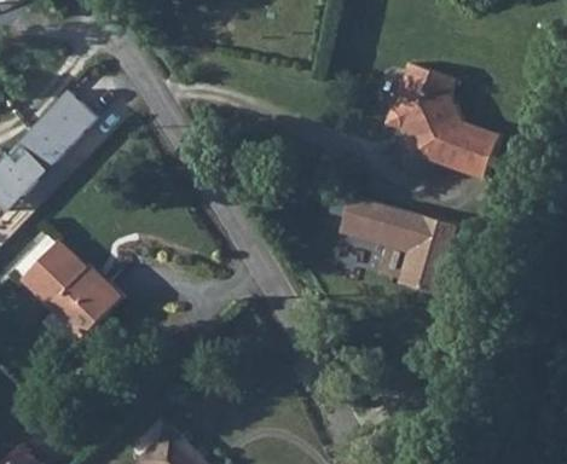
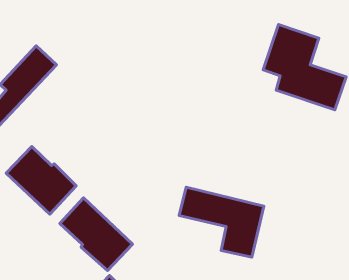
building: [337,199,457,298] -> [179,187,264,257]
building: none -> [60,198,133,271]

